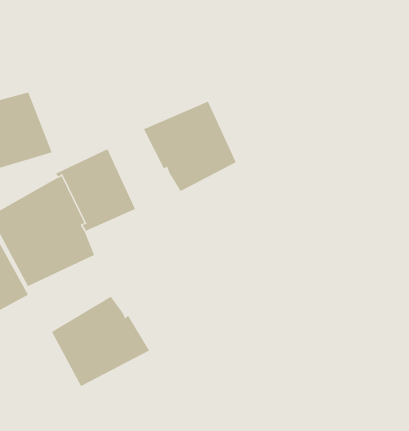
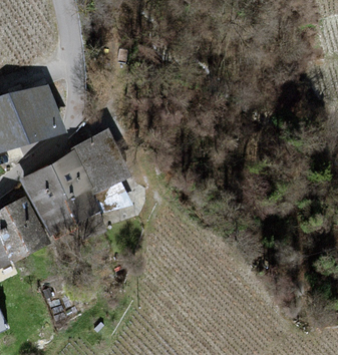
building: [143,101,236,192] -> none
building: [51,296,150,387] -> none

